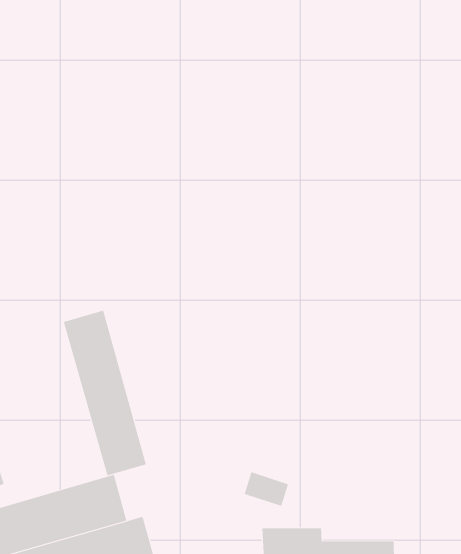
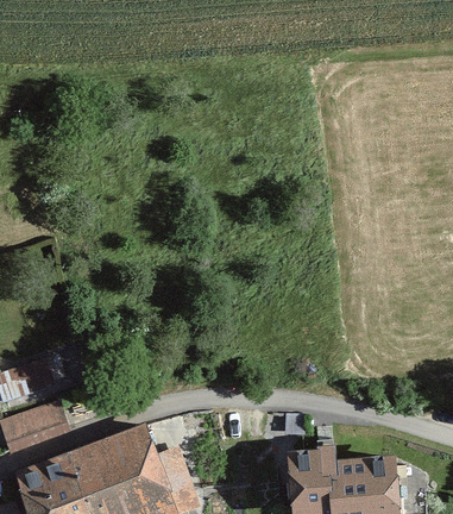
building: [63,310,147,476] -> none

